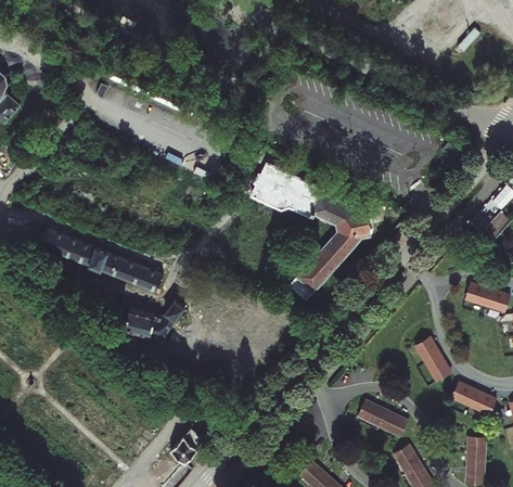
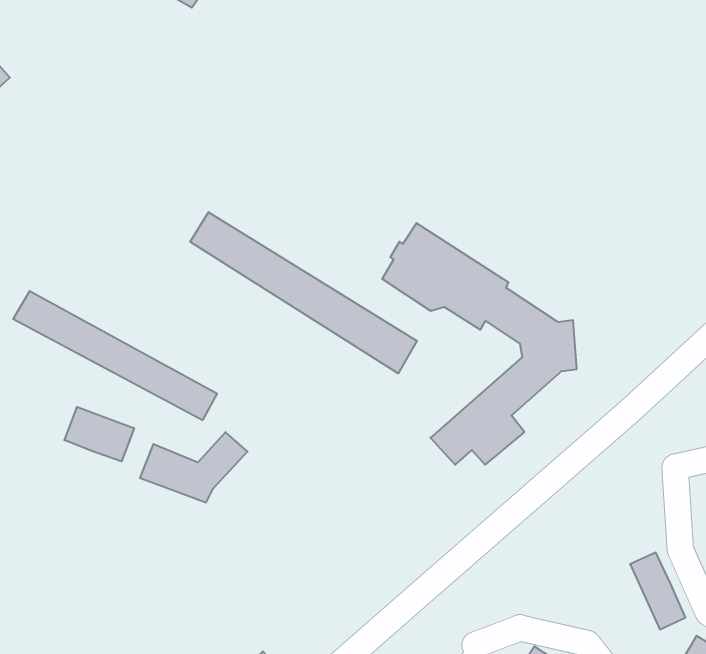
building: none -> [190,212,417,373]
building: none -> [64,407,134,461]

